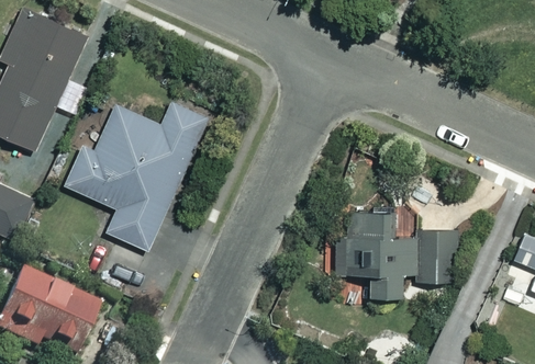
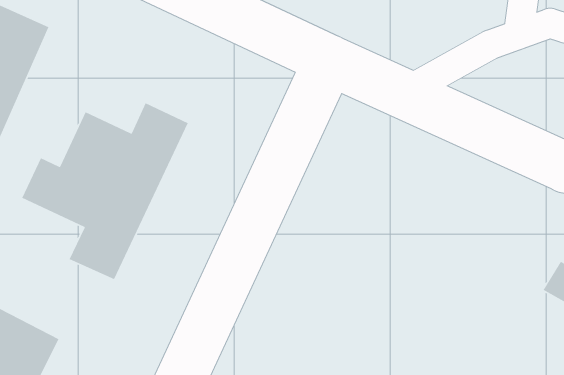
building: [336,209,452,296] -> none

